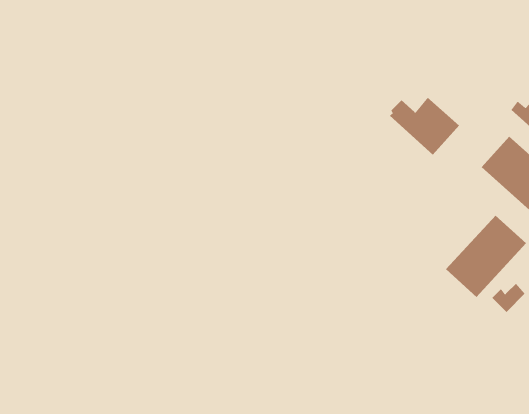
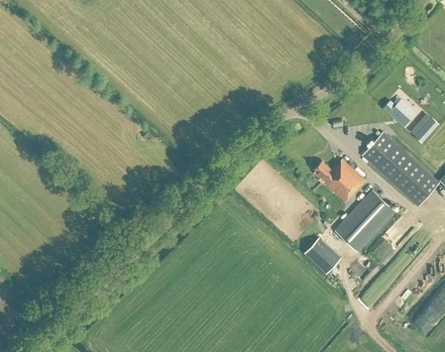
building: [389,97,460,155] -> [313,158,365,202]
building: none -> [305,237,340,272]

